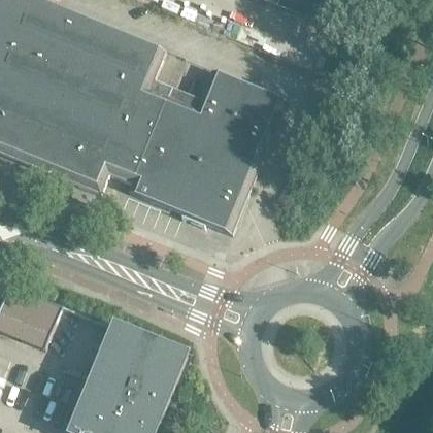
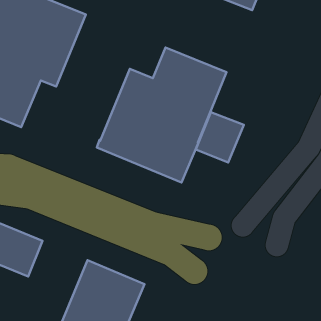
building: [35,27,167,191] -> none
building: none -> [196,112,244,163]

